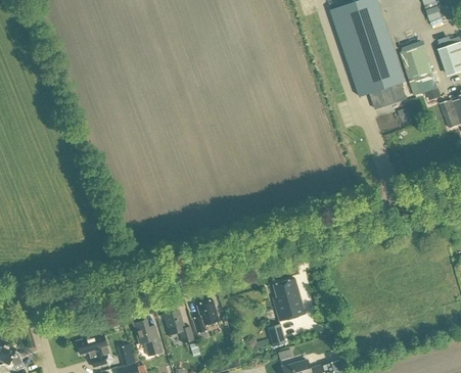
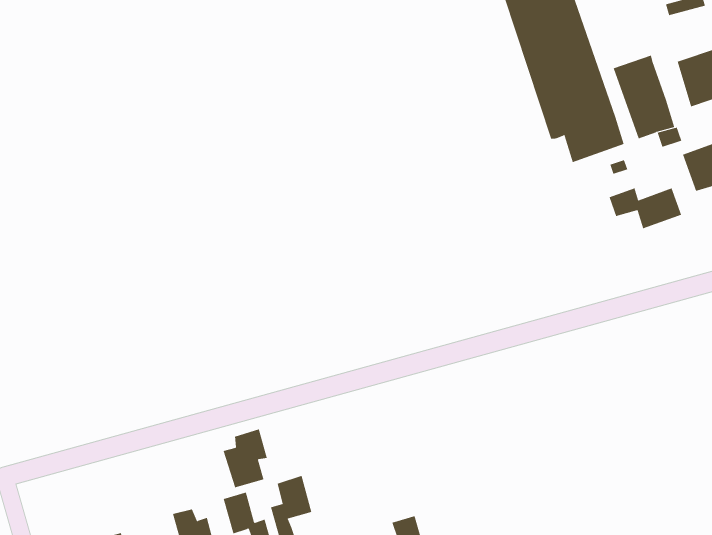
building: none -> [609,187,682,229]
building: none -> [223,429,268,488]
building: [272,277,305,321] -> none

